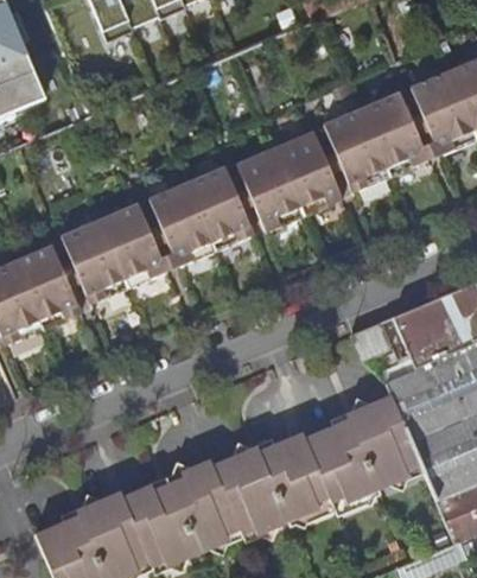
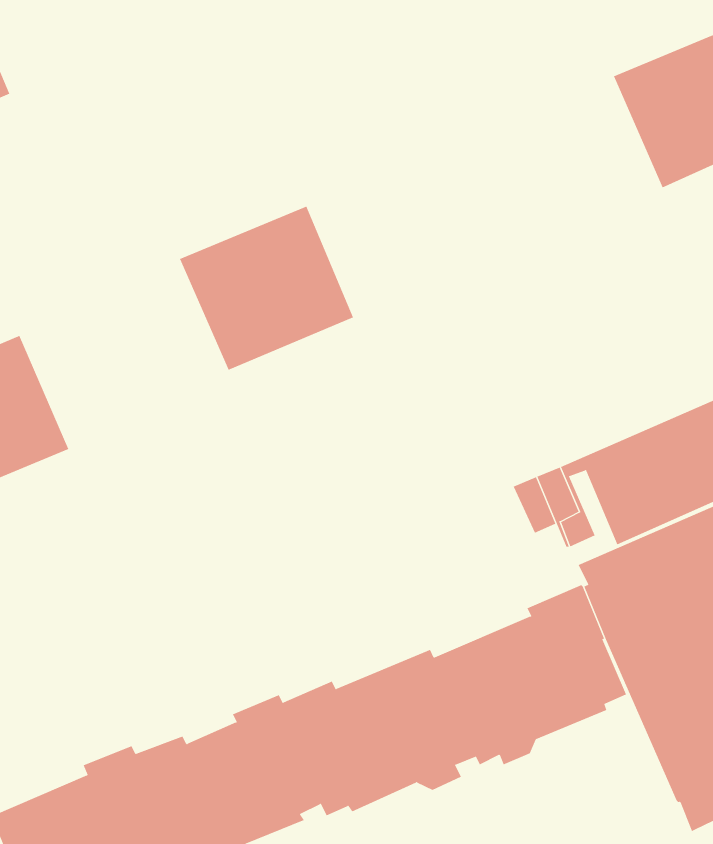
building: [324,91,428,191] -> none
building: [237,131,343,231] -> none
building: [62,202,166,301] -> none

